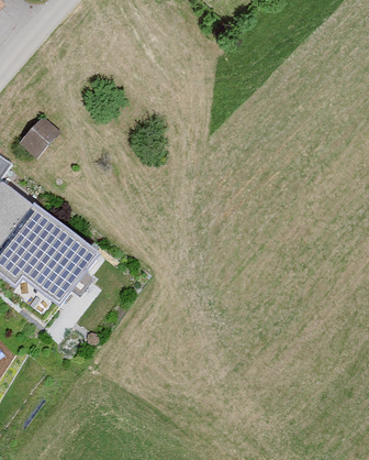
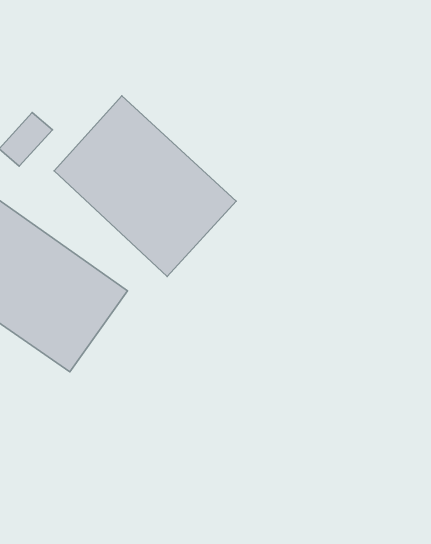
building: none -> [54,96,236,276]

